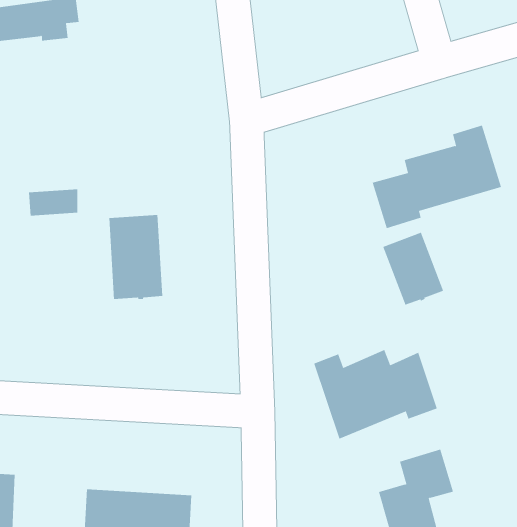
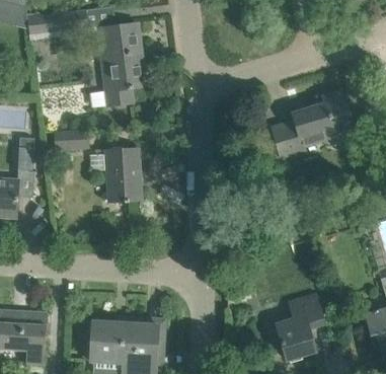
building: none -> [100,22,145,104]
building: [383,232,444,306] -> none
building: [314,349,437,439] -> none

